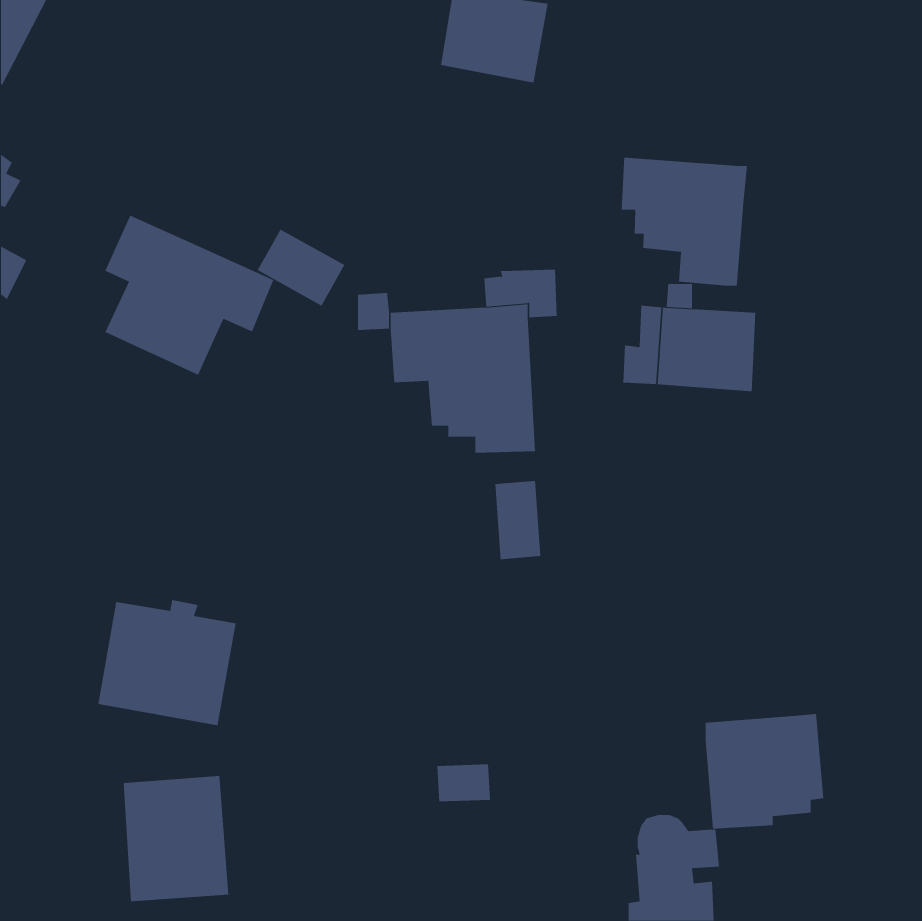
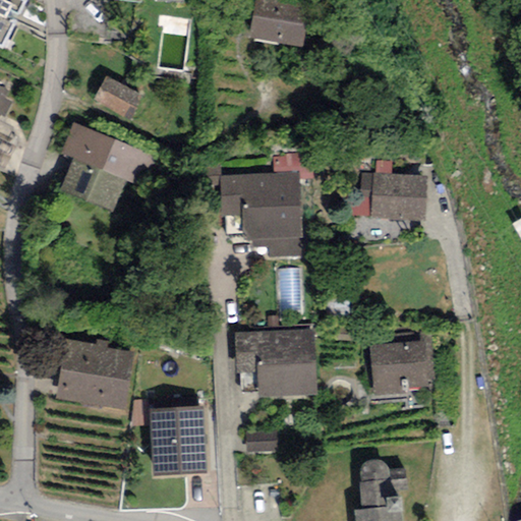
building: [621,157,748,287] -> none
building: [257,229,345,306] -> [93,76,142,120]
building: none -> [235,329,316,397]
building: [705,714,824,829] -> [368,331,436,396]
building: [123,776,229,902] -> [149,405,209,476]

